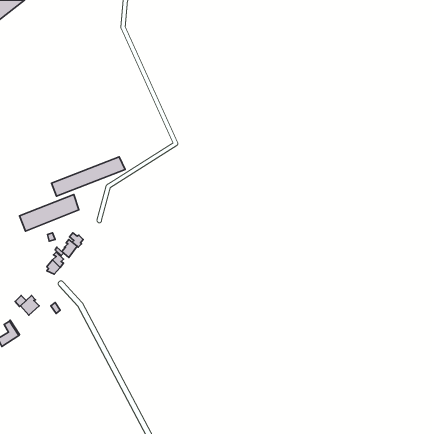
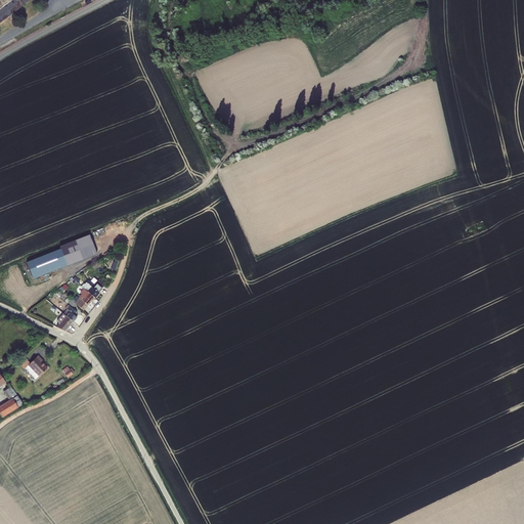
building: [51,157,125,196] -> none

